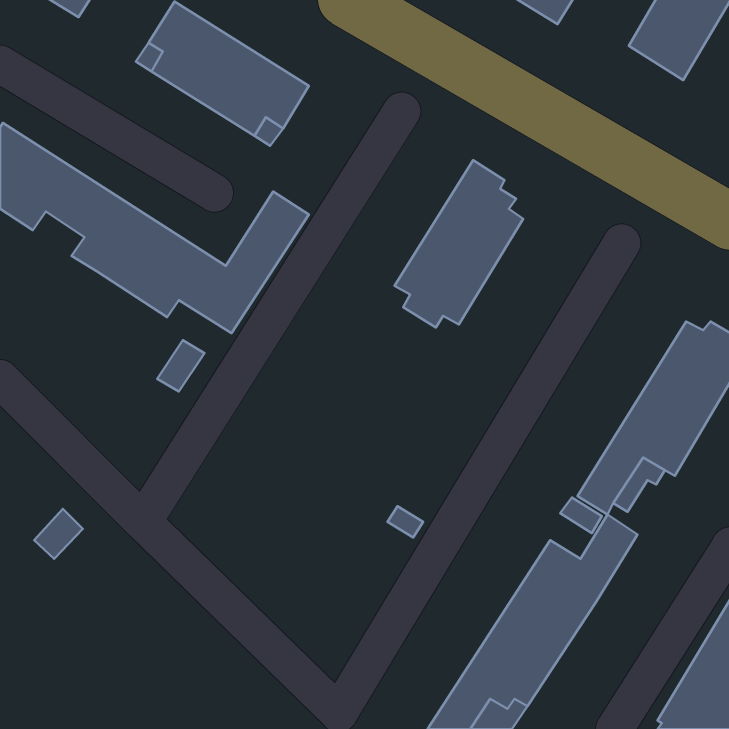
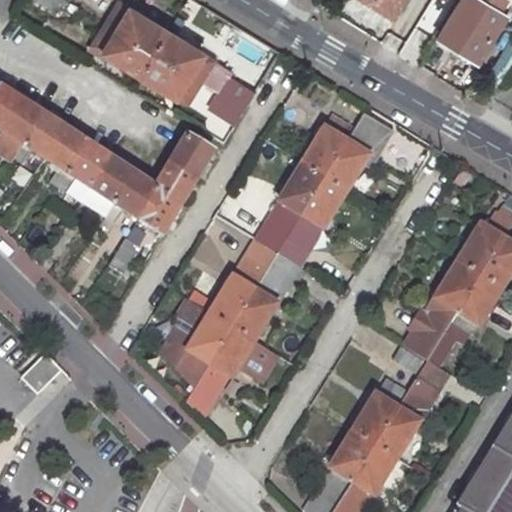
building: none -> [214,78,256,121]
building: none -> [159,211,315,415]

